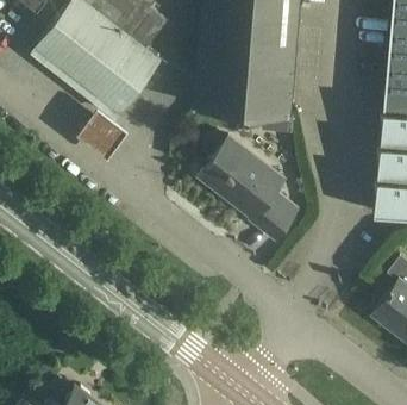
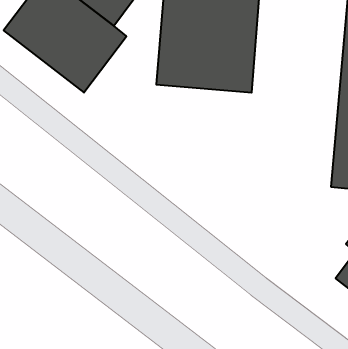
building: [77,107,127,157] -> none
building: [200,136,299,238] -> none

